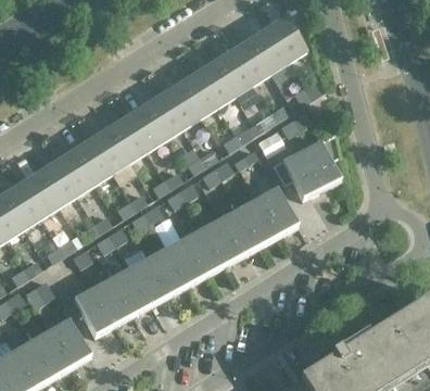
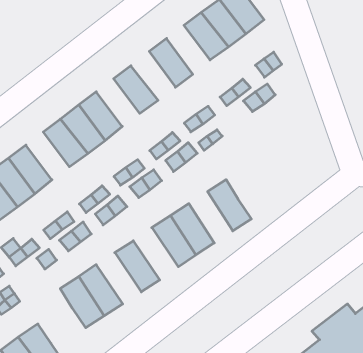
building: [213,50,252,97] -> none
building: [177,72,217,118] -> none
building: [142,94,181,140] -> none
building: [271,135,340,201] -> none
building: [72,139,111,185] -> none
building: [257,188,298,238] -> none
building: [220,209,260,257] -> none
building: [165,238,205,288] -> none
building: [128,258,168,307] -> none
building: [73,288,113,338] -> none

